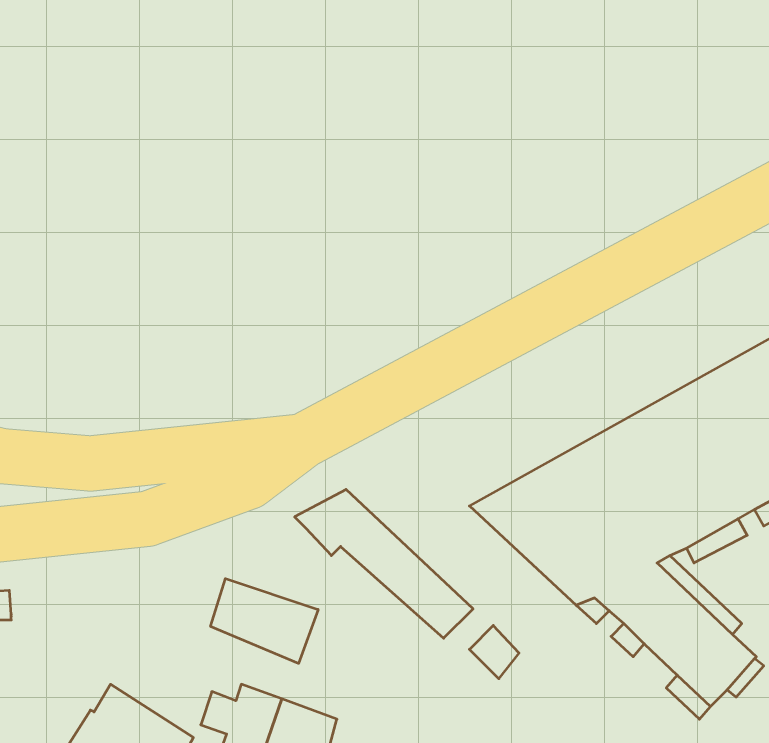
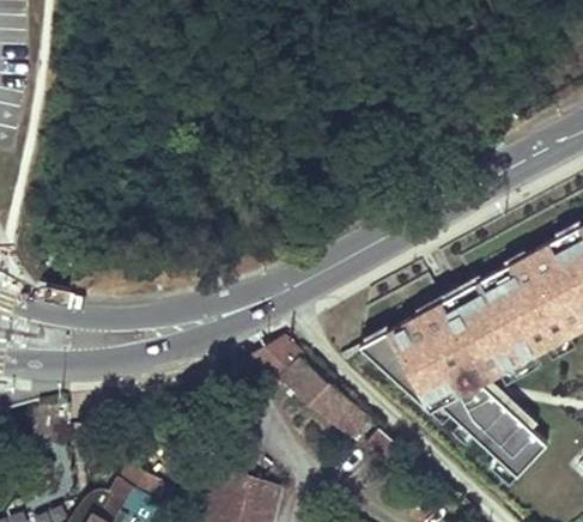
building: [211,579,318,663] -> none

